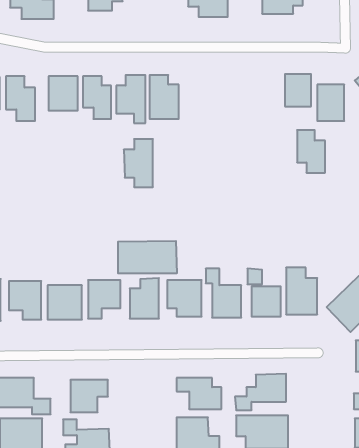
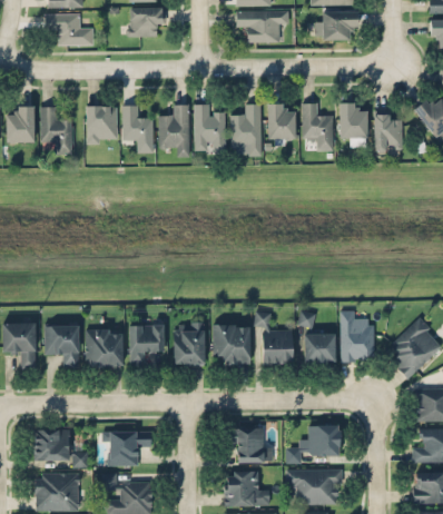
building: none -> [268,103,295,139]
building: [297,130,325,173] -> [303,103,333,149]
building: [124,139,153,187] -> [230,103,262,155]
building: [118,241,177,273] -> none

